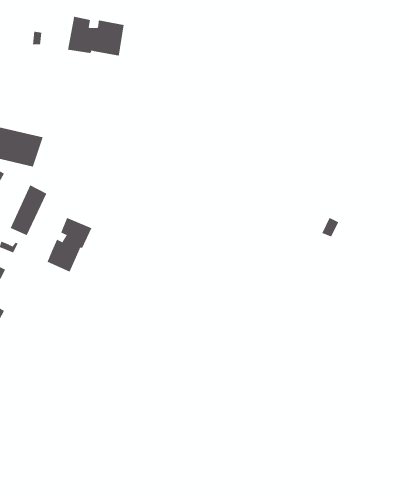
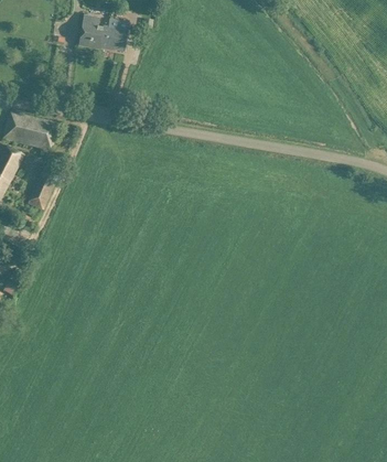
building: [47,217,92,273] -> none

